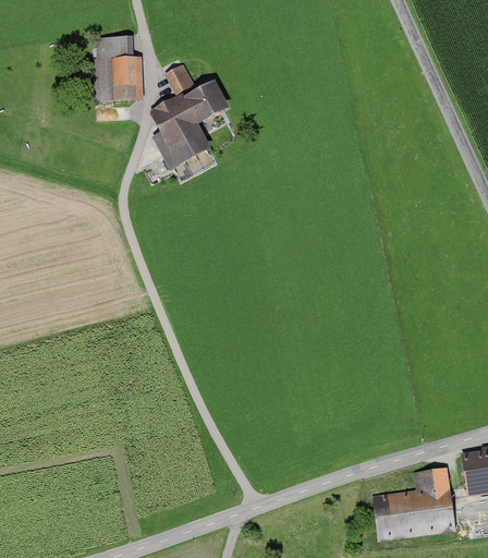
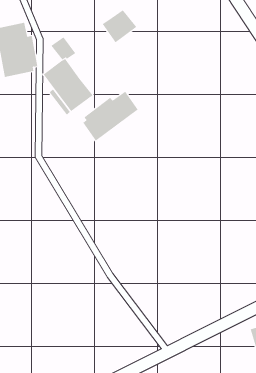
building: [183,78,230,122] -> [102,9,137,43]
building: none -> [82,91,139,142]

